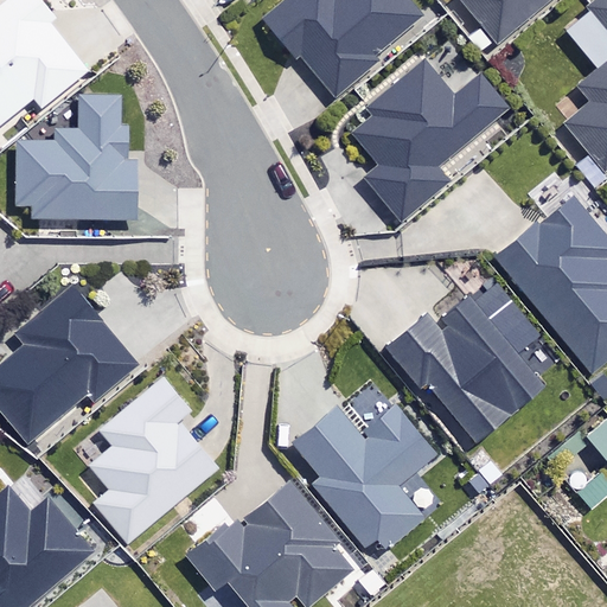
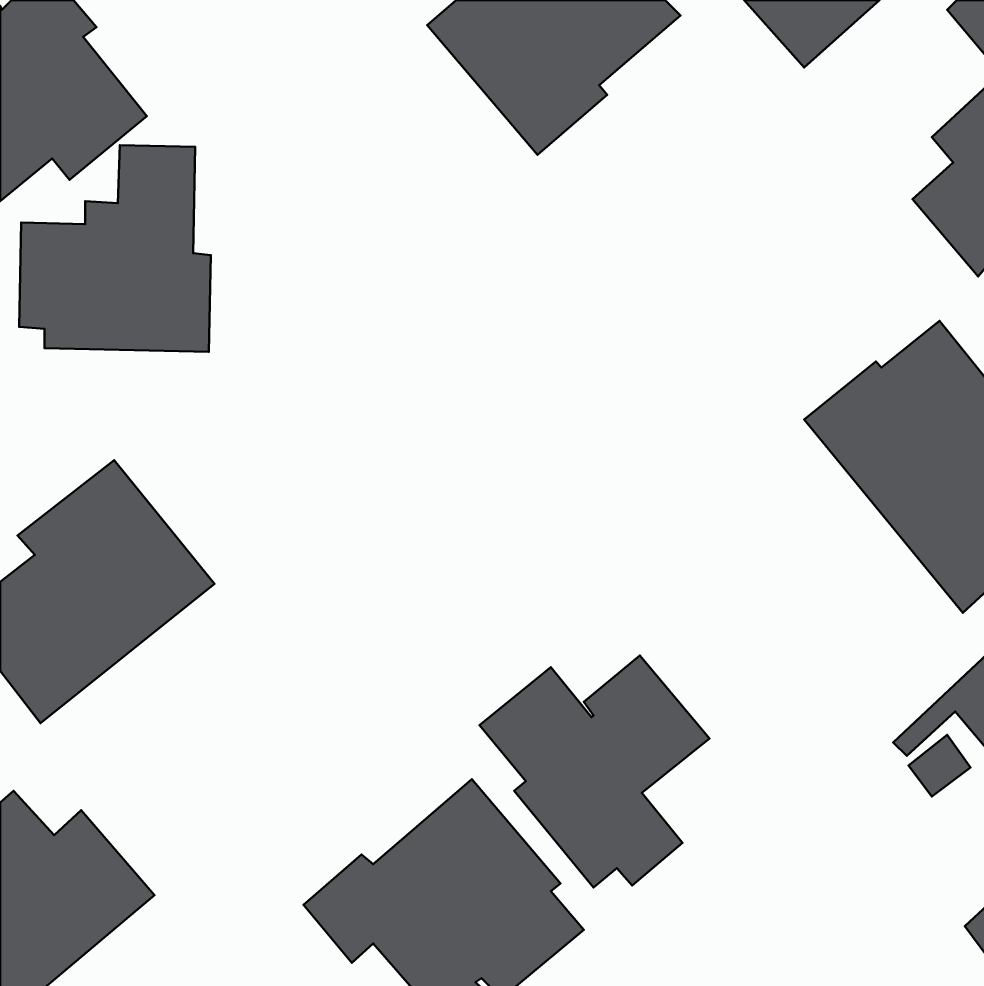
building: [350,57,504,219] -> none
building: [388,285,547,443] -> none
building: [88,376,215,539] -> none

